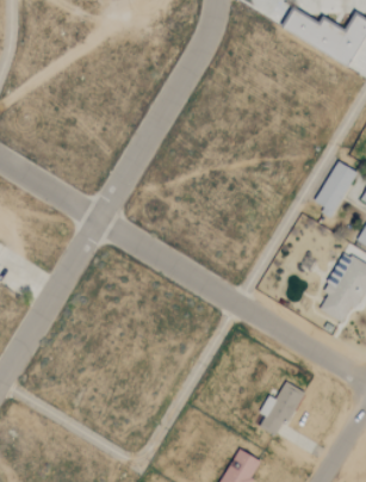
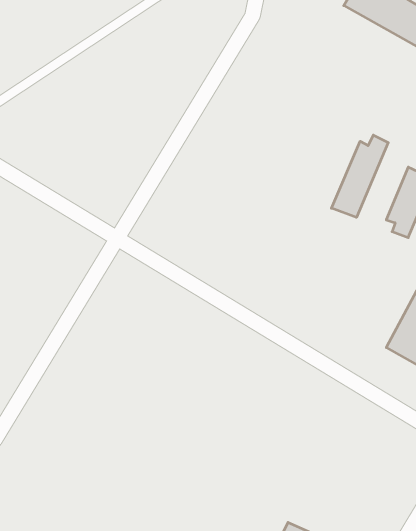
building: none -> [331,135,388,217]
building: [260,382,304,437] -> none

